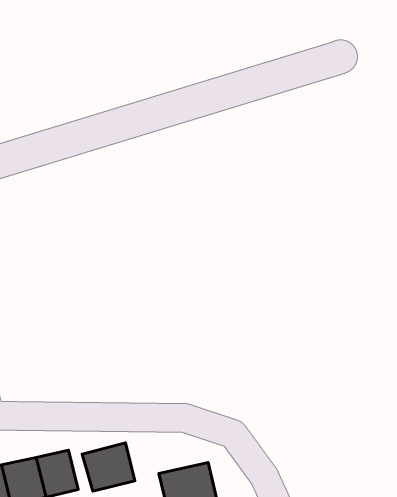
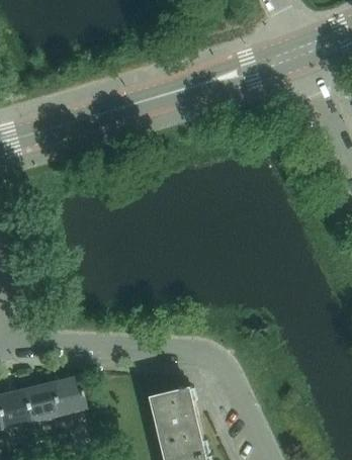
building: [82,443,135,491] -> none

